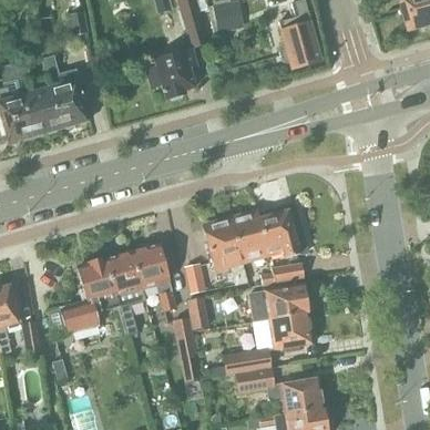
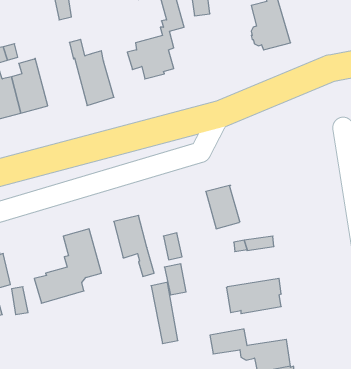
building: [42,55,90,126] -> [69,39,114,106]
building: [256,204,307,256] -> none
building: [204,218,247,284] -> none
building: [105,250,145,335] -> none
building: [249,284,309,320] -> none
building: [224,346,272,373] -> none

